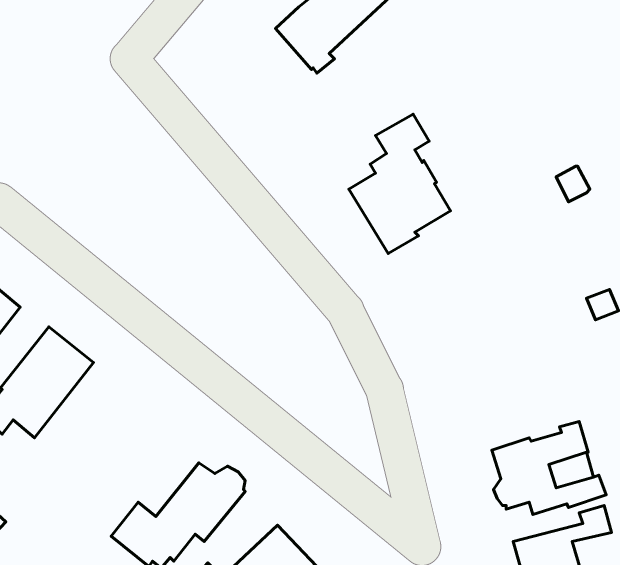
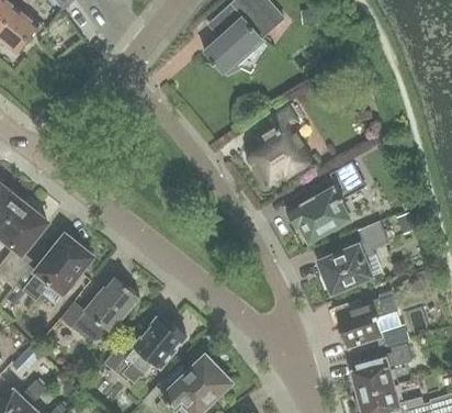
building: none -> [287,161,365,241]
building: none -> [318,221,388,292]
building: none -> [61,277,138,341]

